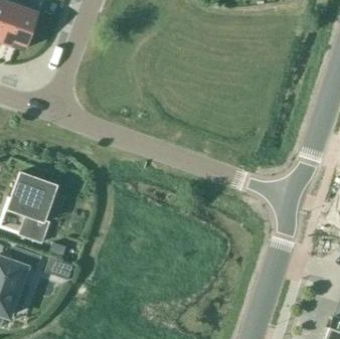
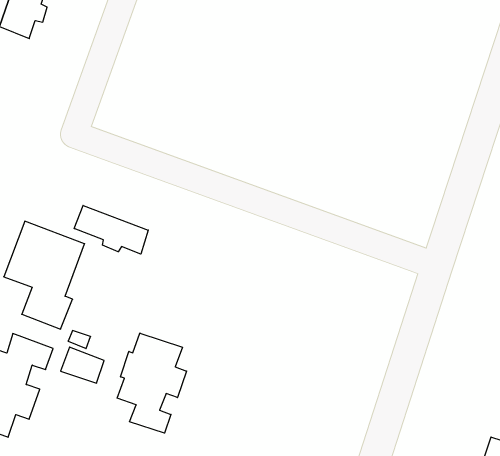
building: none -> [74,205,148,254]
building: none -> [117,333,187,433]

